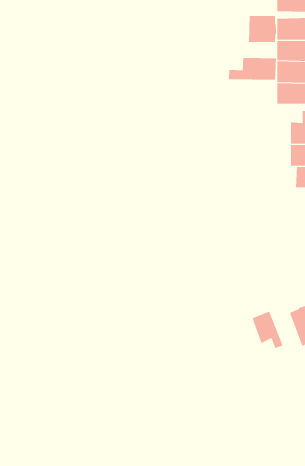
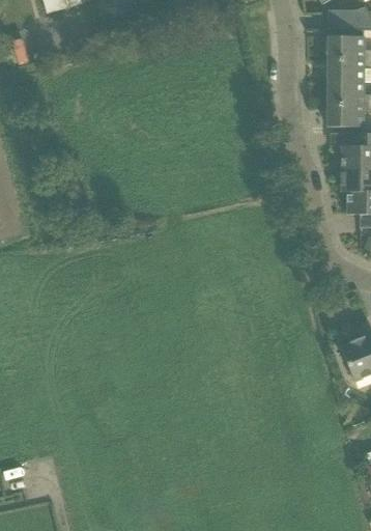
building: [249,15,276,43] -> none
building: [228,57,276,81] -> none
building: [252,311,283,349] -> none

